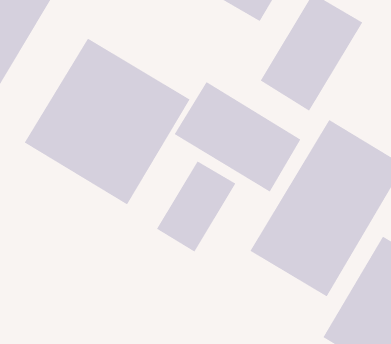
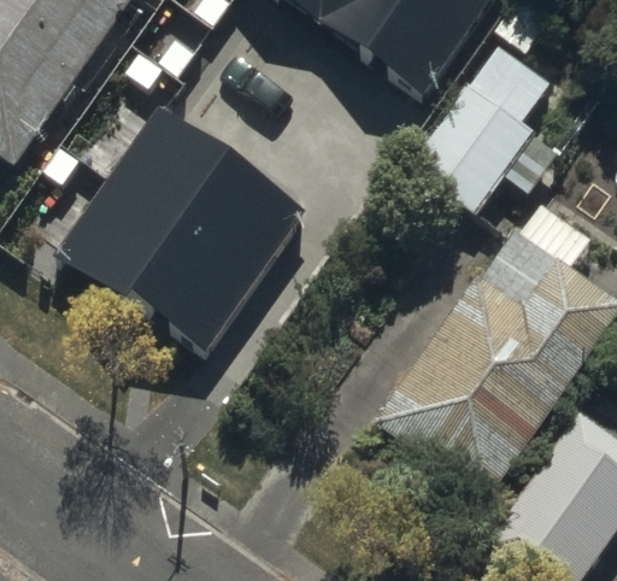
building: [174,81,301,193] -> none
building: [156,160,236,253] -> none

